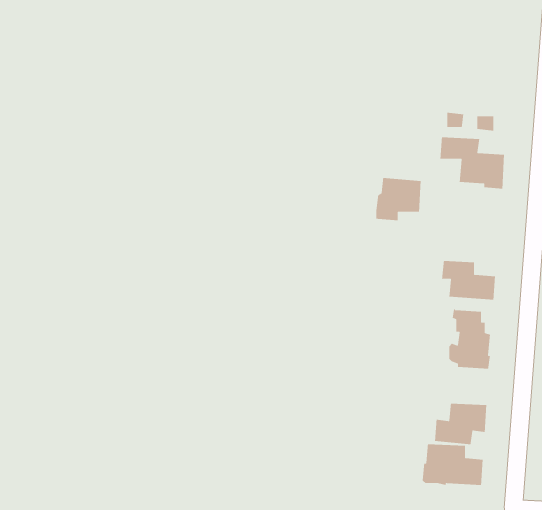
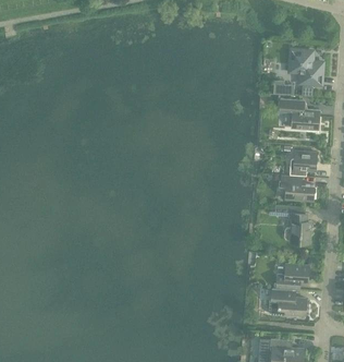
building: none -> [290,48,322,83]
building: [376,177,421,221] -> [288,147,317,174]

